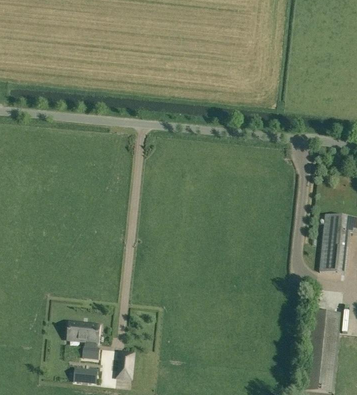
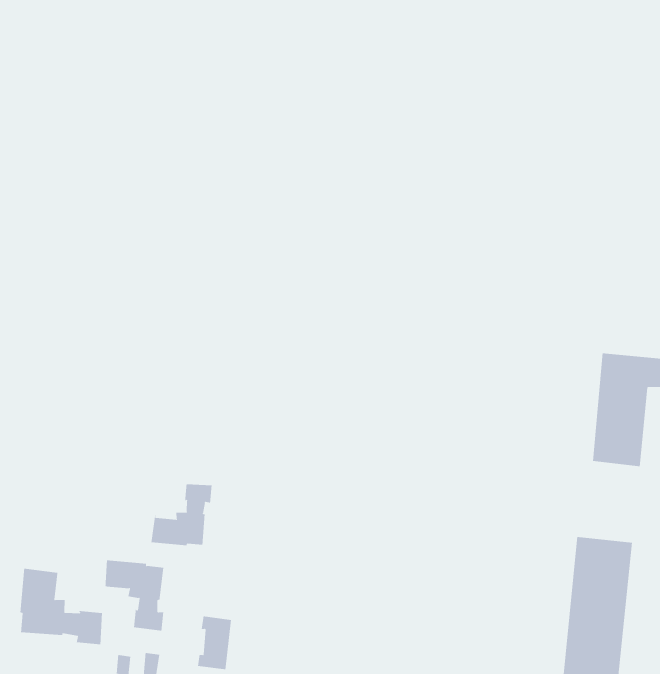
building: none -> [151,483,212,546]
building: none -> [20,568,102,645]

